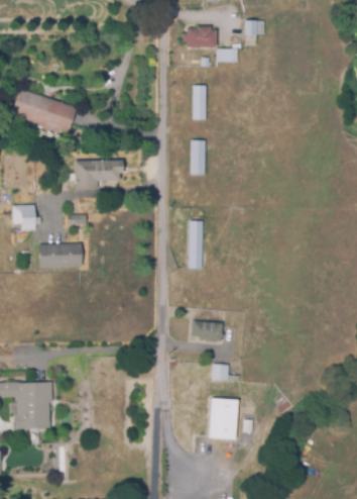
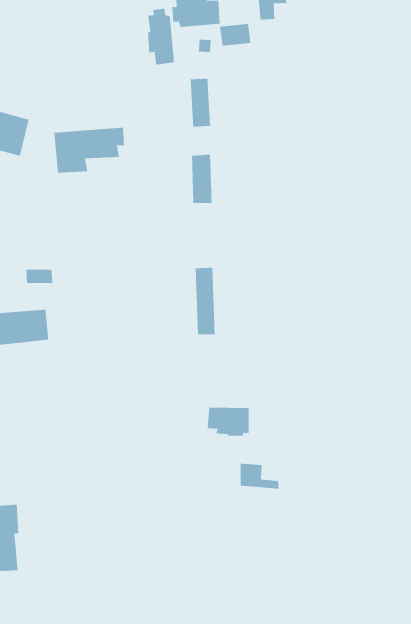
building: none -> [147,8,174,66]
building: [74,160,124,190] -> [53,127,125,173]
building: [208,400,239,442] -> none

